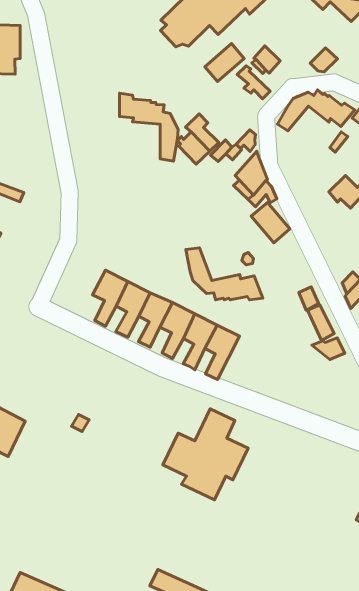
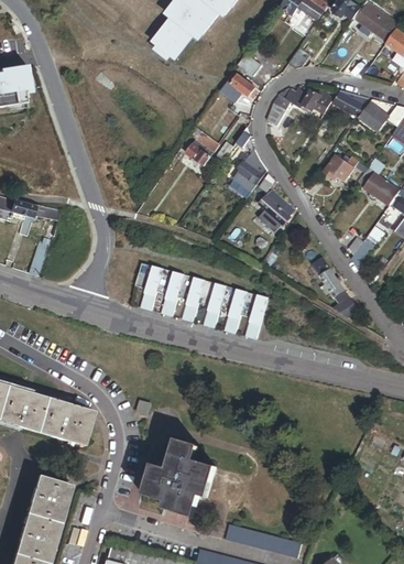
building: [205,43,244,82] -> none
building: [119,93,178,161] -> none
building: [186,248,263,300] -> none
building: [163,409,248,500] -> [139,436,210,514]

